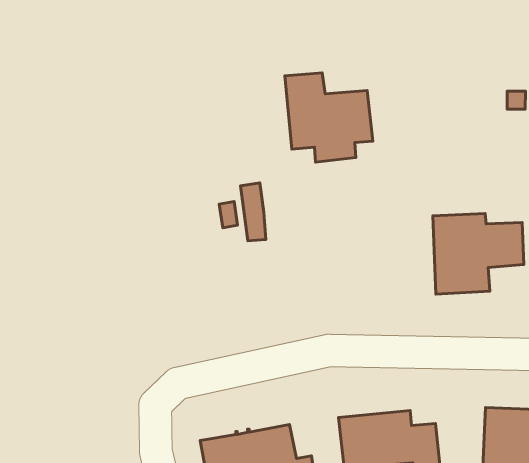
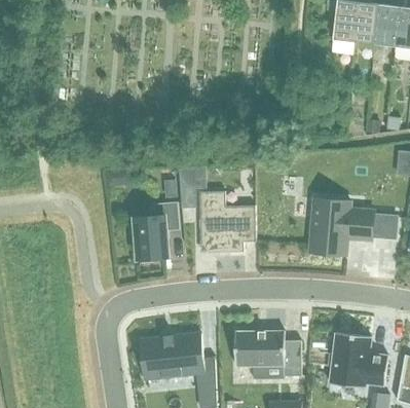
building: [285,73,373,162] -> [199,192,256,253]
building: none -> [135,203,179,262]

